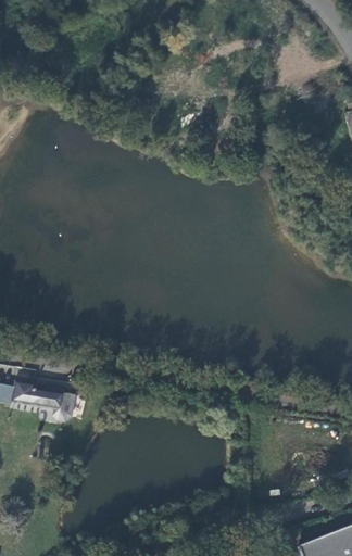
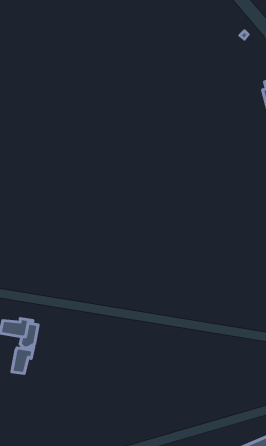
building: none -> [12,346,34,373]

